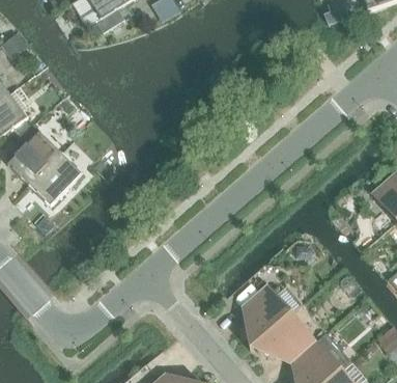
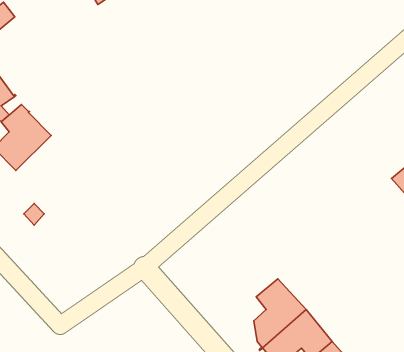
building: [29,153,84,206] -> none

